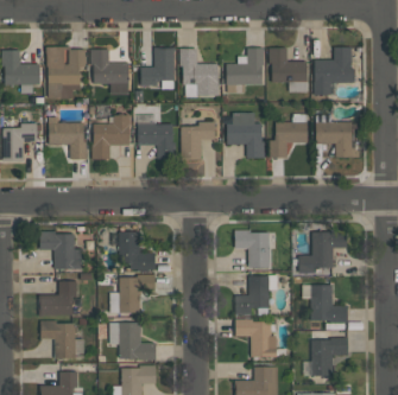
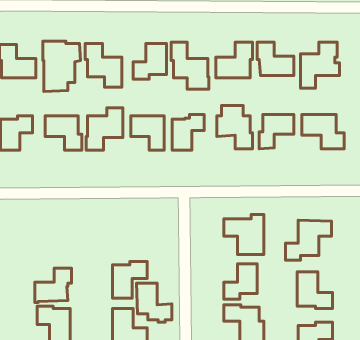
building: [40,231,86,269] -> none
building: [119,231,156,272] -> [136,283,172,322]

